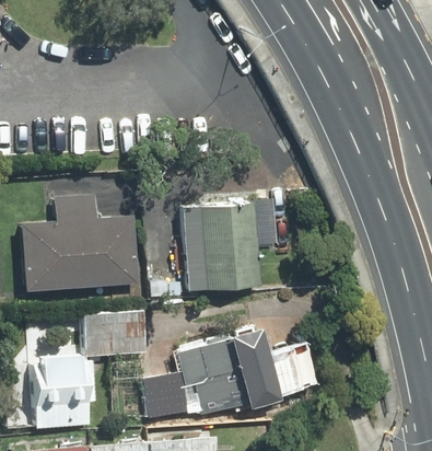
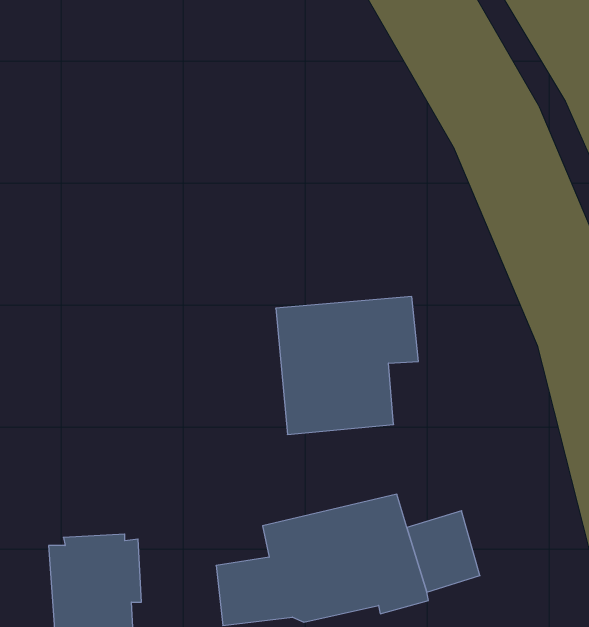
building: [21,195,138,292] -> none
building: [83,312,143,355] -> none

